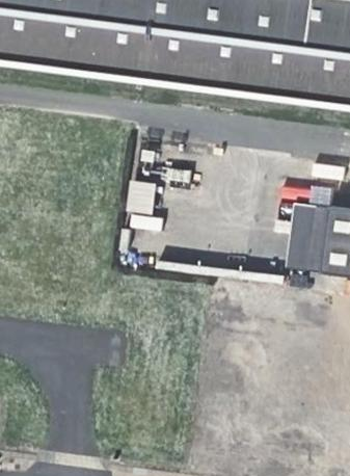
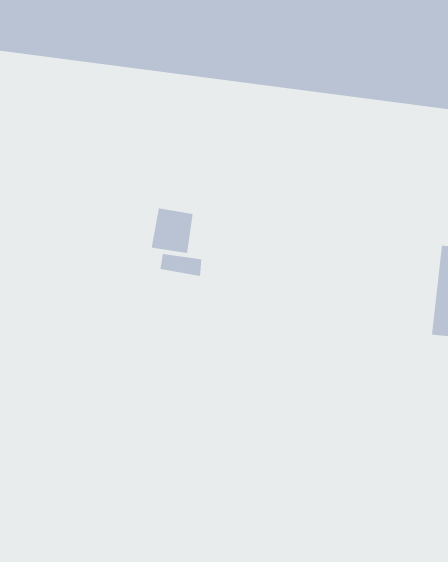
building: [296,199,342,269] -> none

